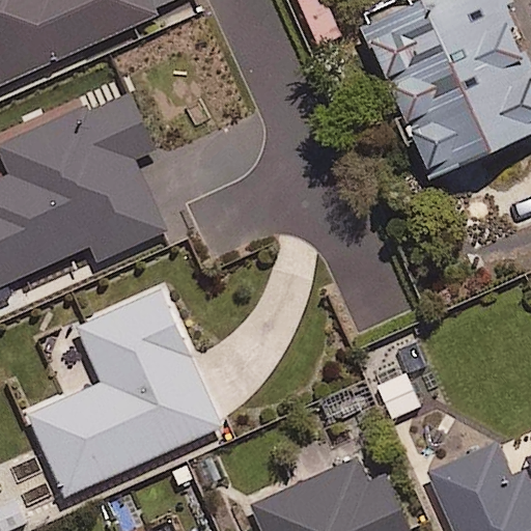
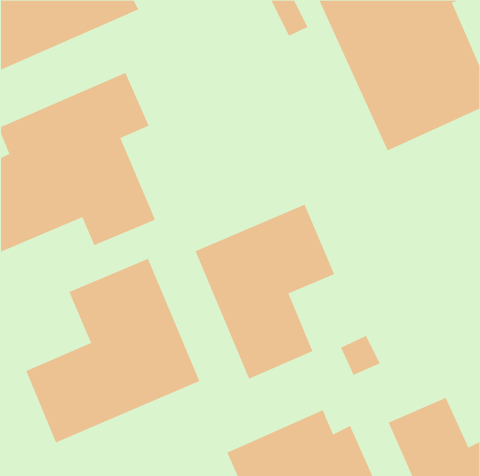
building: none -> [195,204,335,379]

